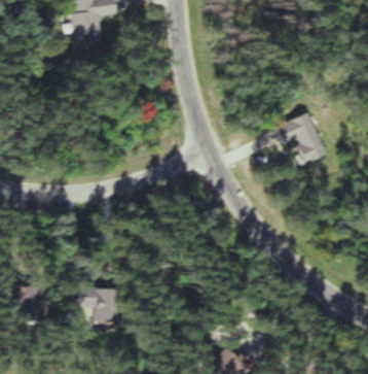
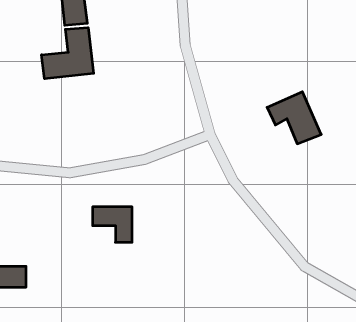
building: none -> [42,28,94,79]
building: [71,290,110,325] -> [93,207,132,242]

